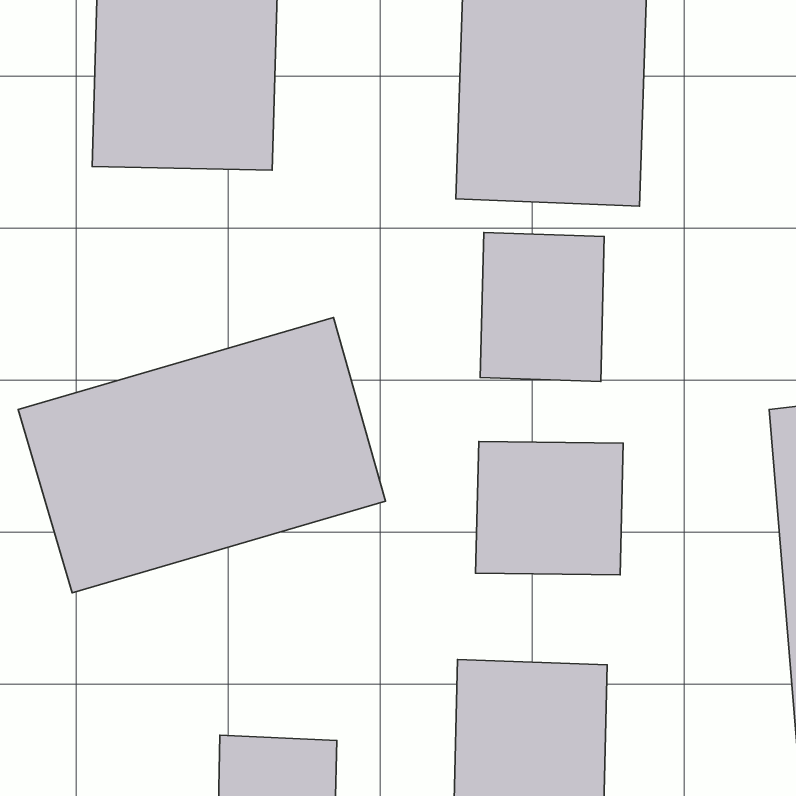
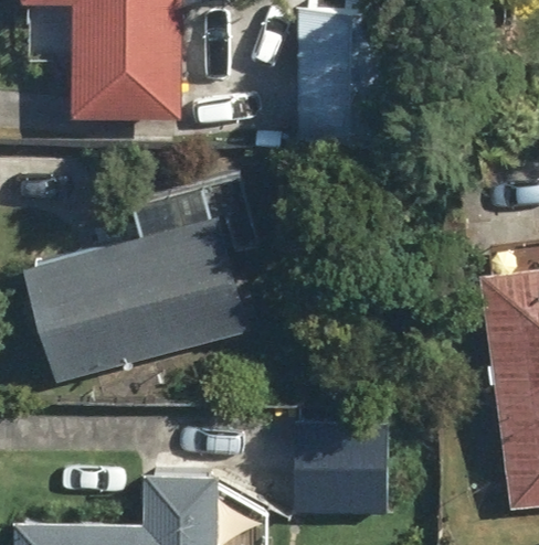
building: [480,232,604,382] -> none
building: [476,442,623,575] -> none

